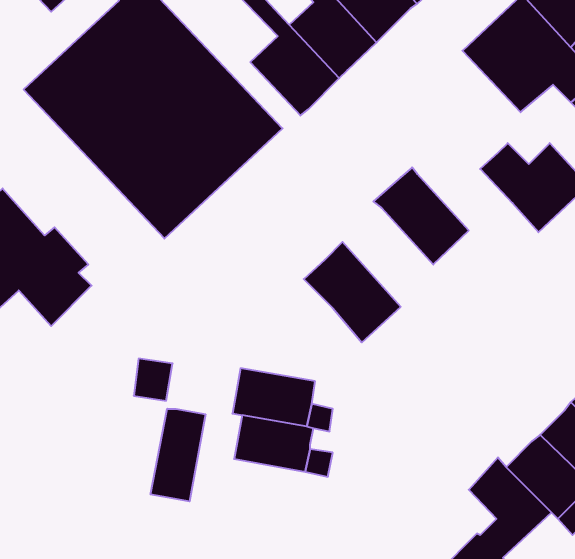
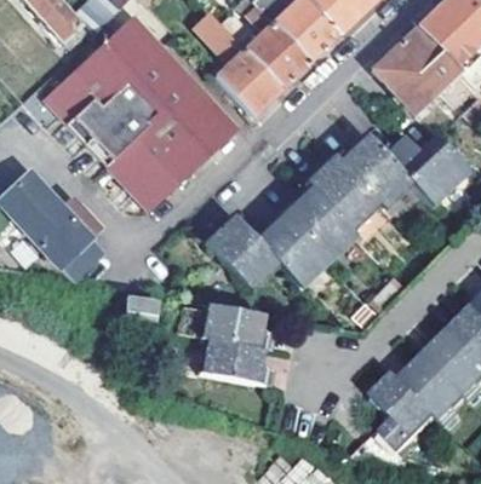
building: none -> [339,136,411,207]
building: none -> [284,185,356,259]
building: none -> [205,214,276,287]
building: [151,409,205,501] -> none

